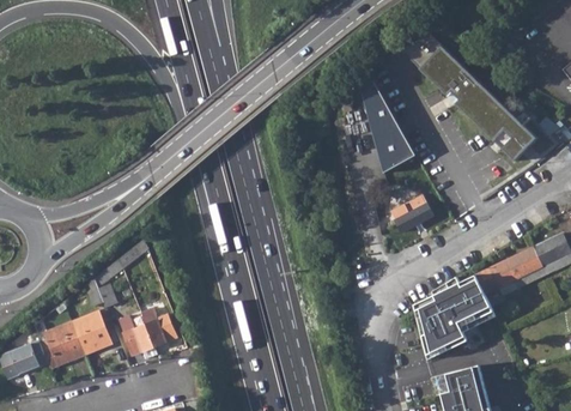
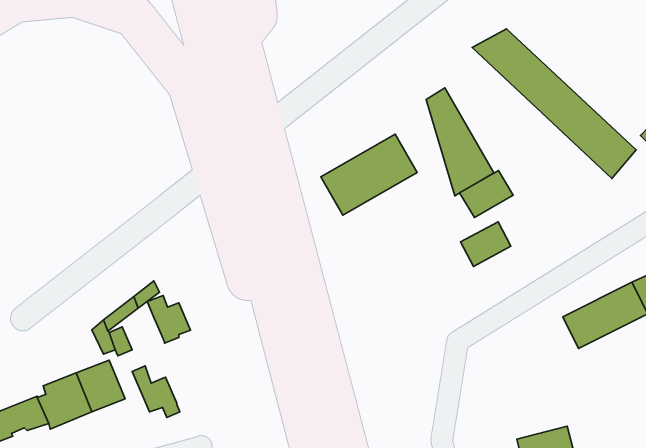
building: none -> [321,134,417,215]
building: none -> [460,171,513,218]
building: [414,274,496,359] -> none
building: [140,308,176,347] -> [147,296,190,343]

